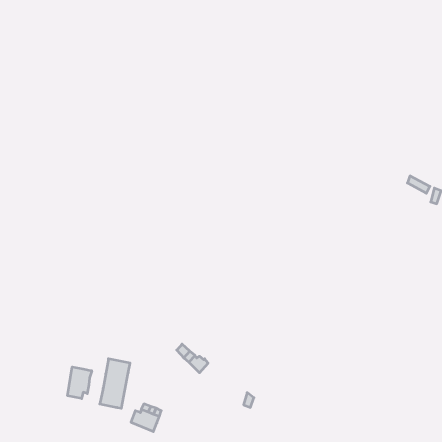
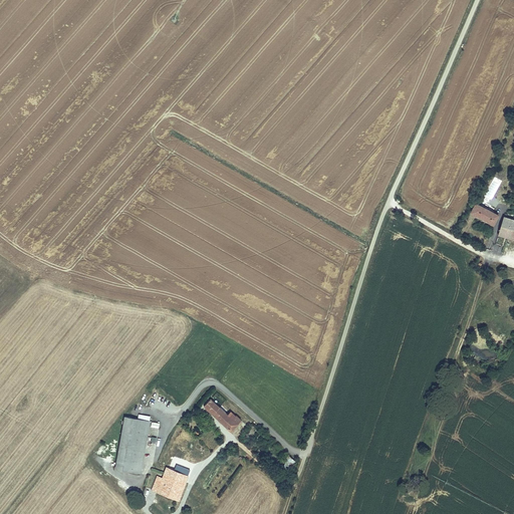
building: [68,367,92,399] -> none

